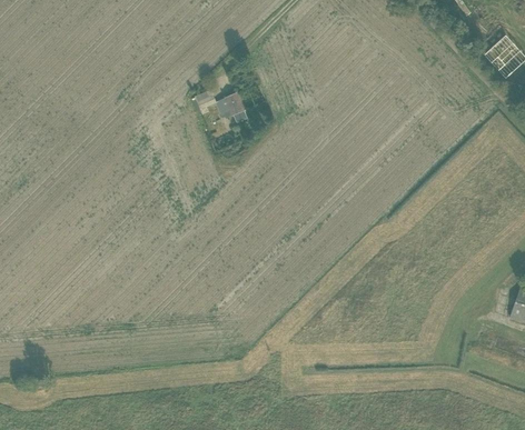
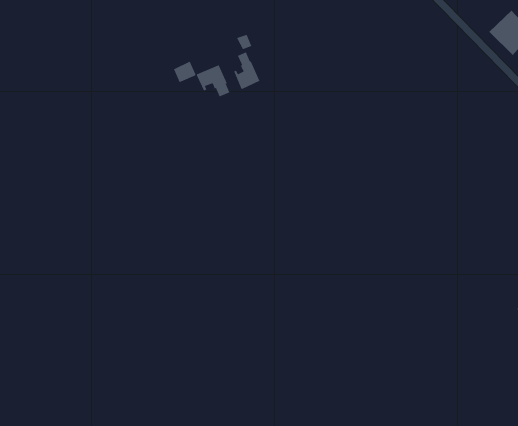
building: none -> [234,52,260,90]

